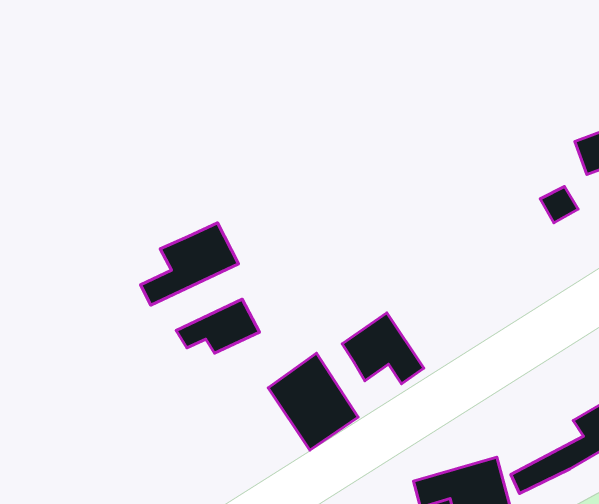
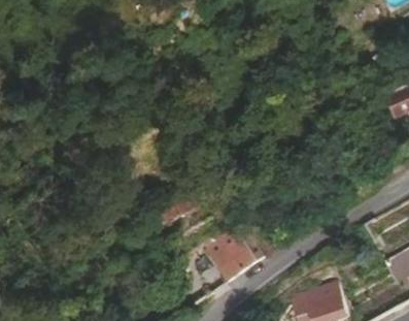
building: [140,223,239,305] -> none
building: [342,313,424,384] -> none

